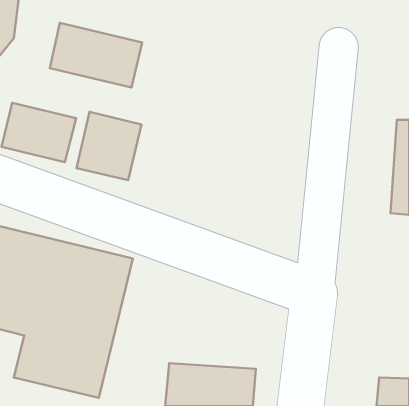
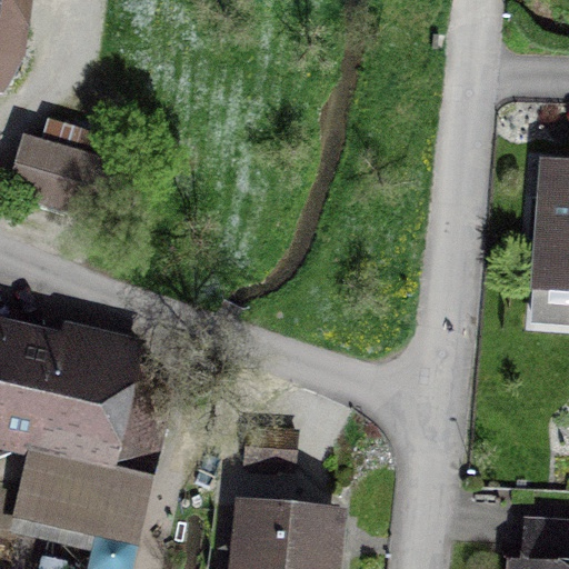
building: [50,23,142,88] -> none
building: [77,112,142,180] -> none

